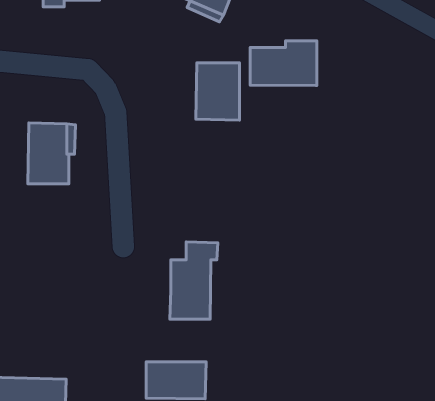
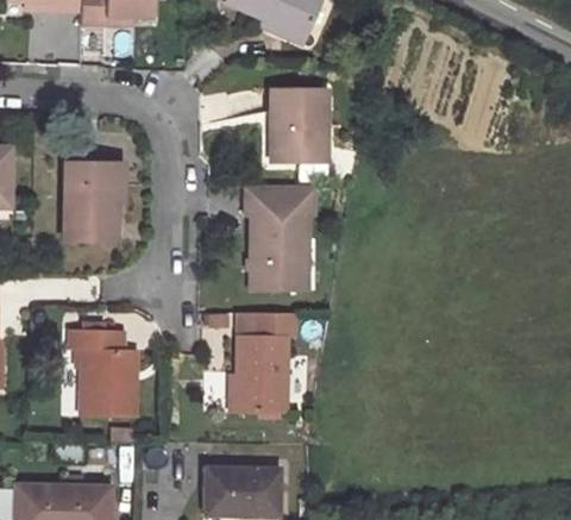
building: [250,41,317,85] -> none
building: none -> [244,188,313,292]
building: none -> [71,331,136,418]

